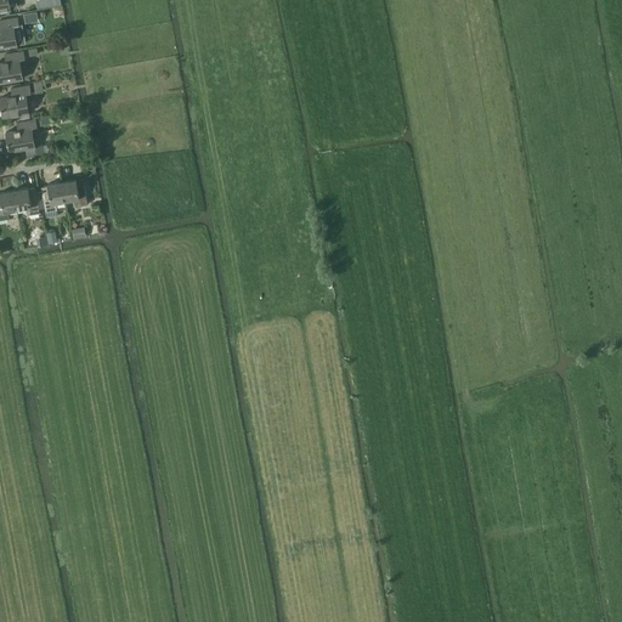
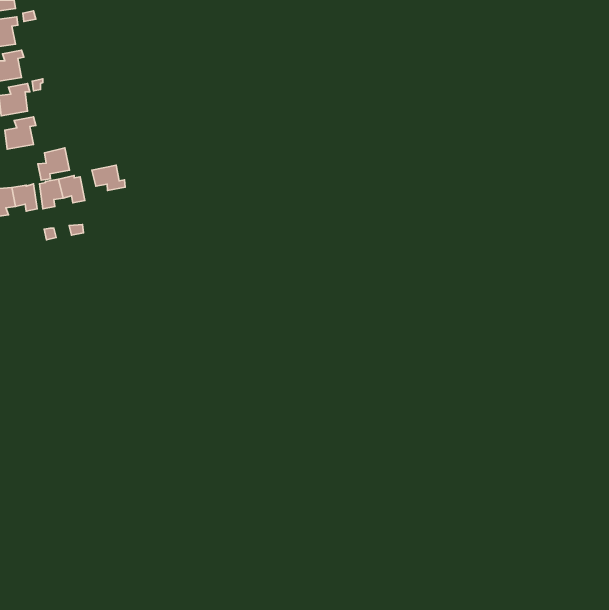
building: none -> [38,148,69,180]
building: none -> [92,165,125,191]

